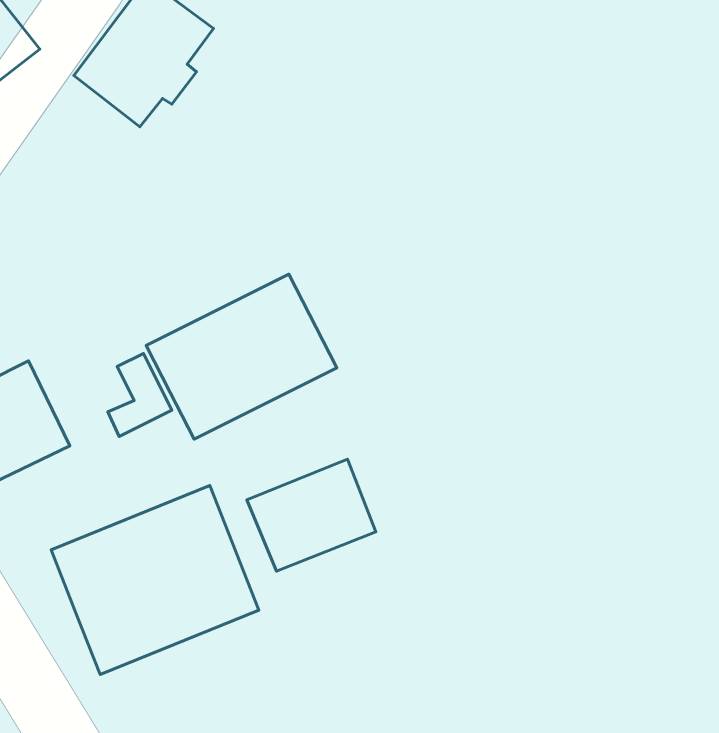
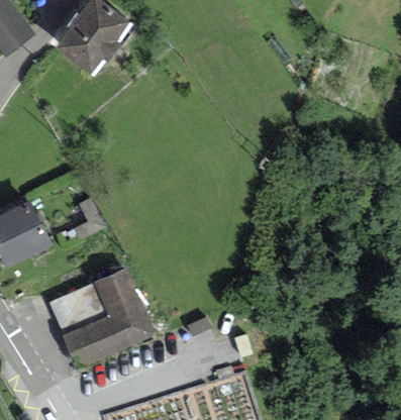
building: [146,274,337,439] -> none
building: [247,459,376,571] -> none

